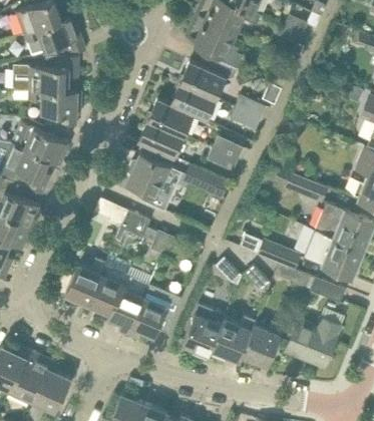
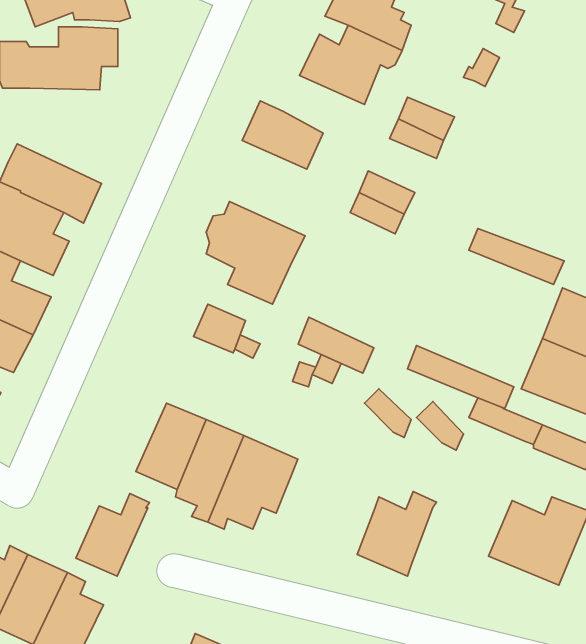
building: [171,84,217,122] -> none
building: [29,91,82,127] -> none
building: [139,120,184,158] -> none
building: [185,165,228,196] -> [298,317,374,373]
building: [95,198,129,230] -> none
building: [66,259,107,305] -> [76,493,149,576]
building: [182,305,223,357] -> none
building: [243,322,286,368] -> none

